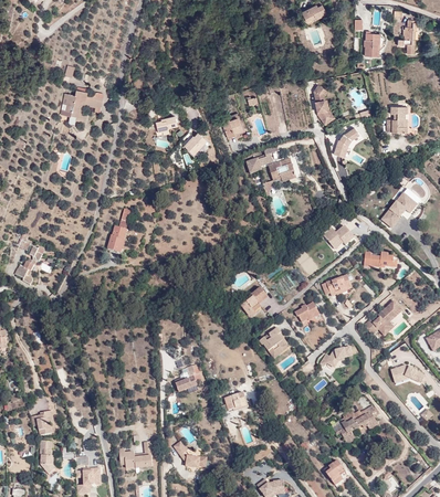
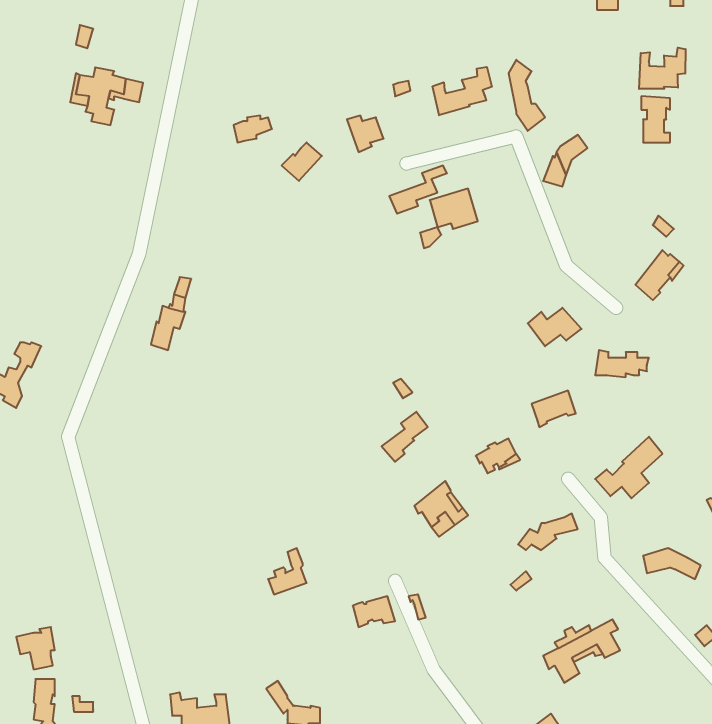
building: none -> [639,48,686,89]
building: none -> [433,67,492,115]

